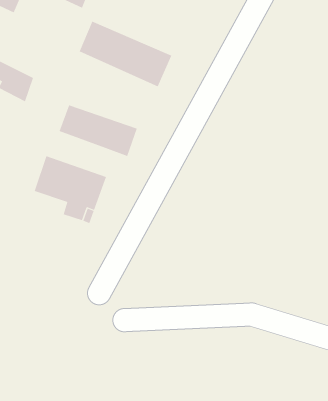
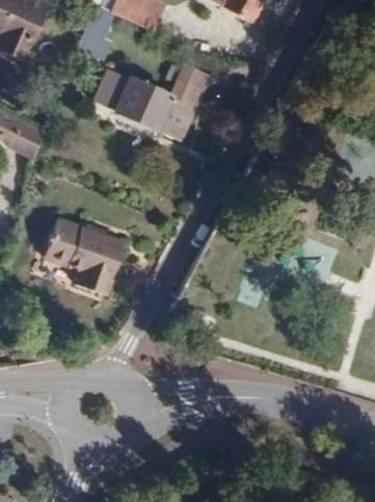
building: none -> [168,64,211,106]
building: [59,104,137,157] -> none

